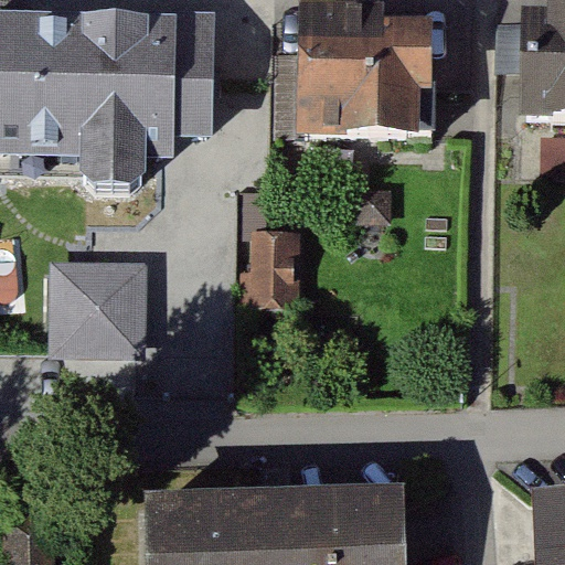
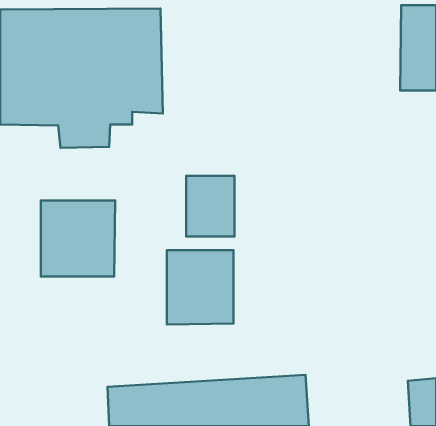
building: [296,11,430,131] -> none
building: none -> [167,250,234,324]

